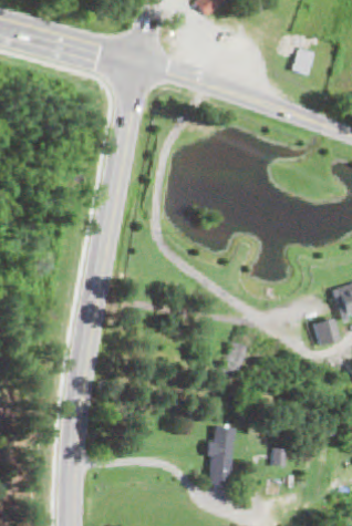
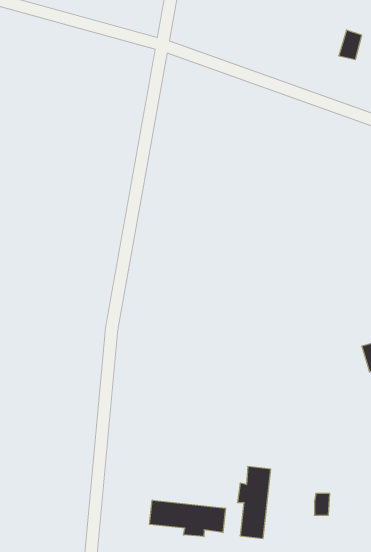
building: none -> [150,500,226,537]

